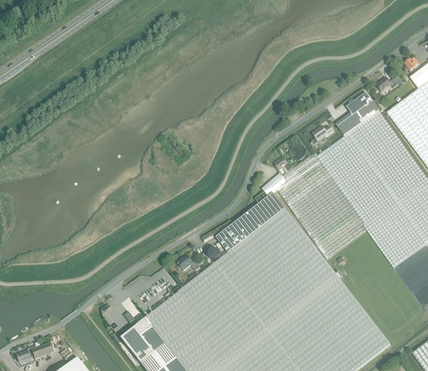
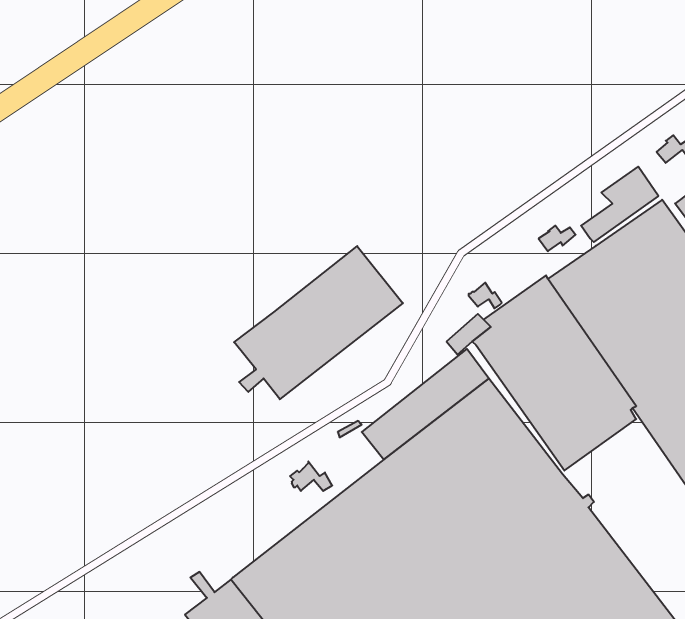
building: none -> [234,246,403,399]

